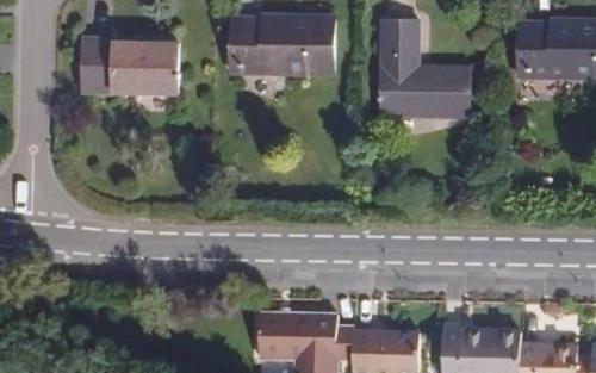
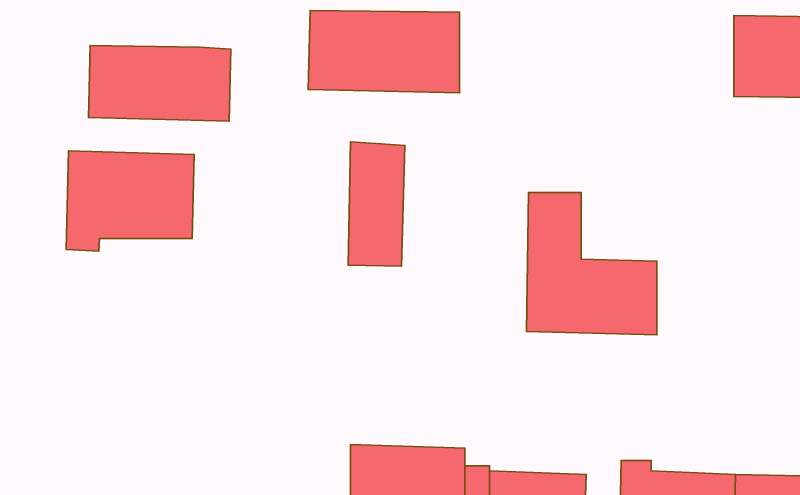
building: [380,20,468,117] -> [527,192,657,335]
building: none -> [348,142,405,266]
building: none -> [66,151,194,251]

